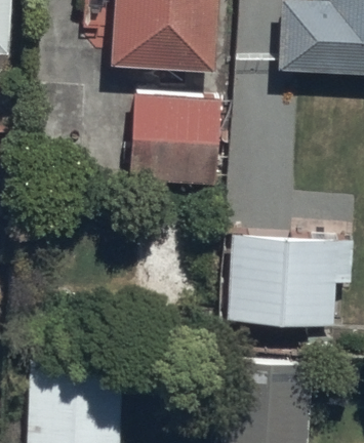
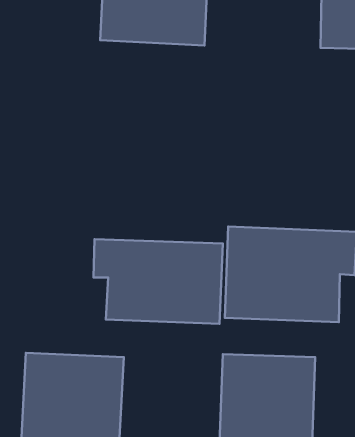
building: [127,93,217,186] -> none
building: none -> [93,239,223,324]

